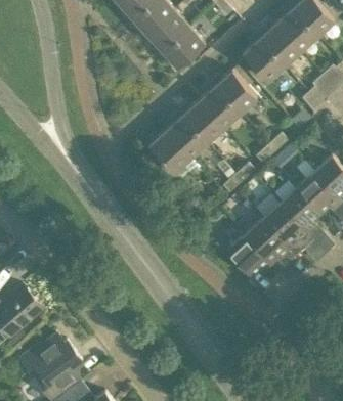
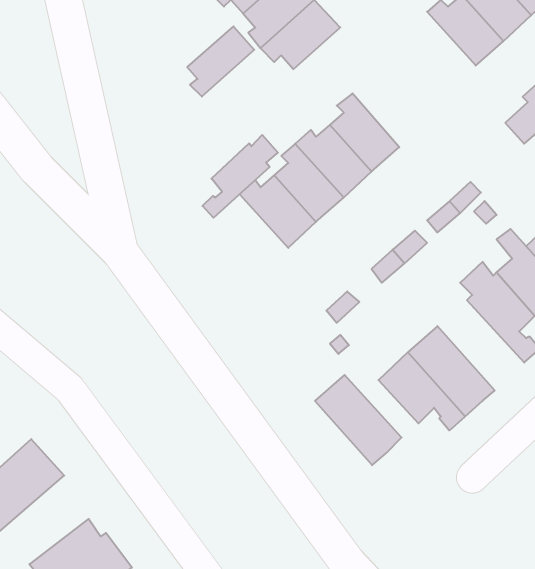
building: [243,34,285,81] -> none
building: none -> [187,26,254,97]
building: [212,71,257,114] -> none
building: none -> [202,135,278,218]
building: [262,204,313,257] -> [315,375,402,465]

